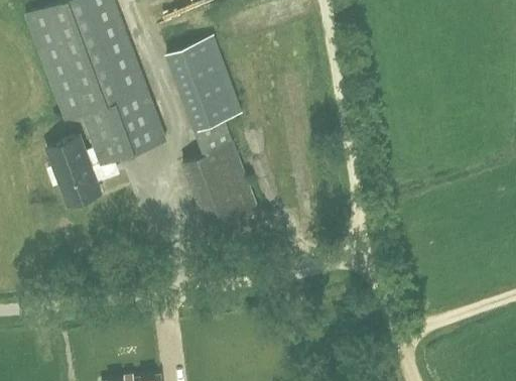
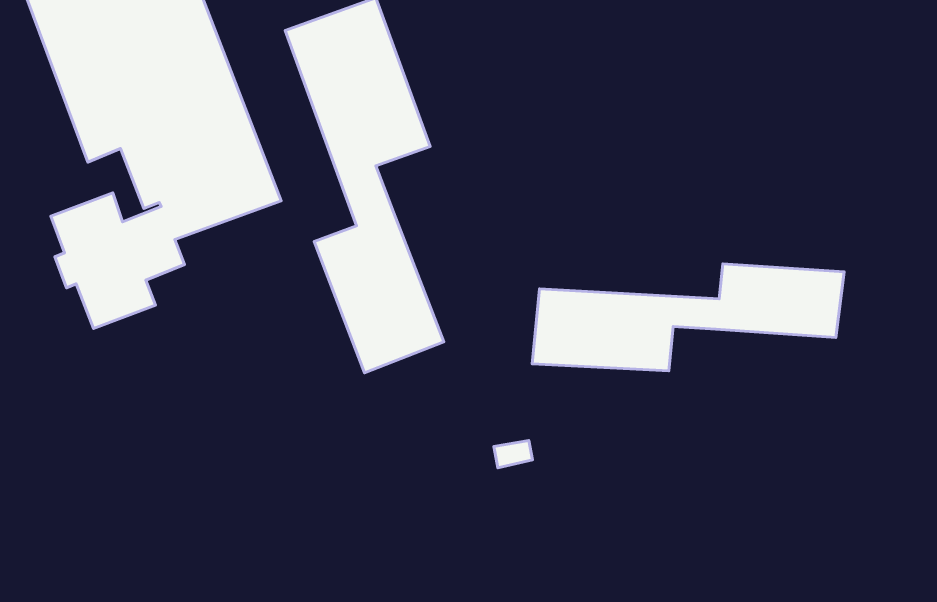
building: none -> [532,264,844,371]

